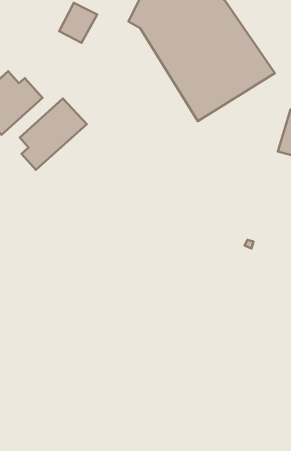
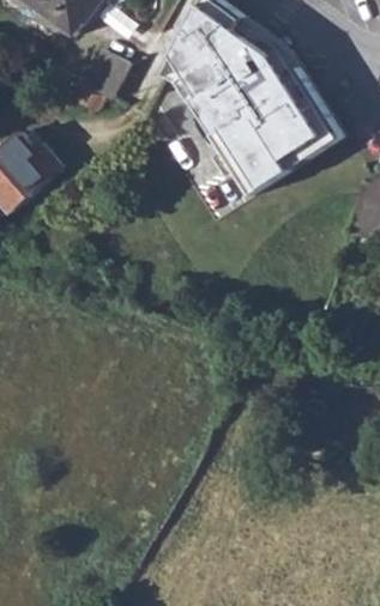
building: [20,98,87,170] -> none

